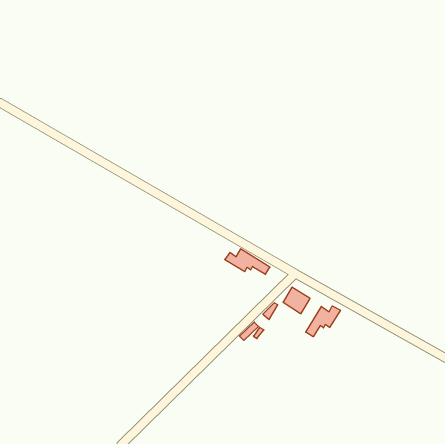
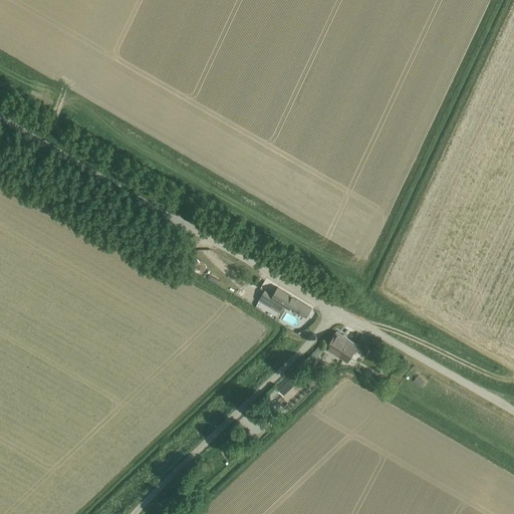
building: [306,306,340,337] -> none

